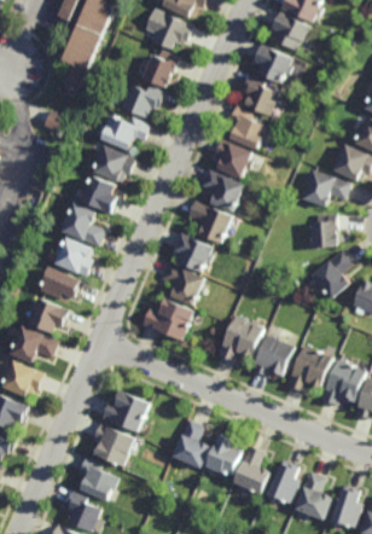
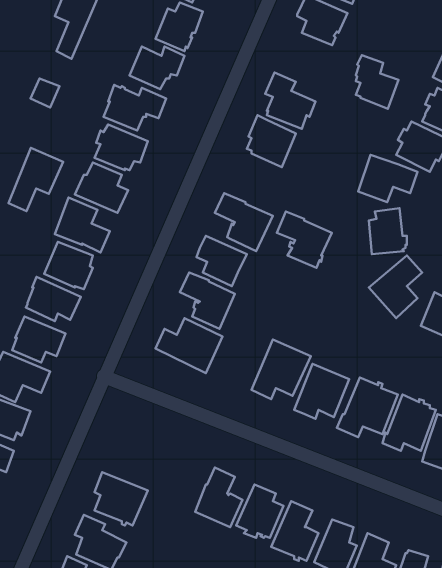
building: [244,74,278,116] -> [356,55,398,109]
building: none -> [9,148,63,211]
building: [202,169,245,214] -> [277,211,332,268]
building: [103,388,150,429] -> none

